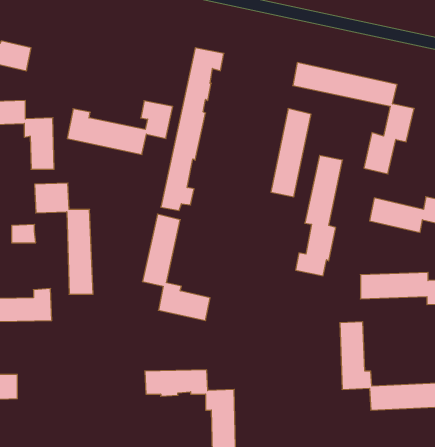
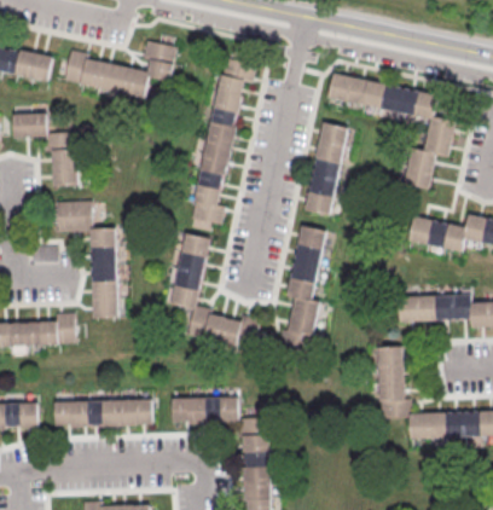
building: [67,101,173,155] -> [64,41,175,98]
building: [296,155,343,276] -> [276,226,325,353]
building: none -> [54,399,152,428]

